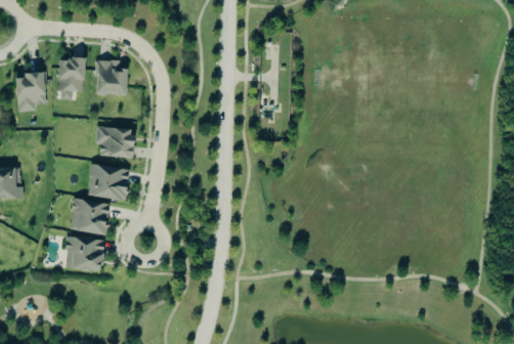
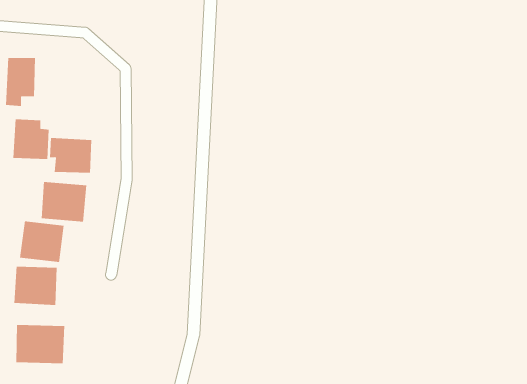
building: [94,59,126,94] -> [13,119,50,159]
building: none -> [16,324,65,364]

